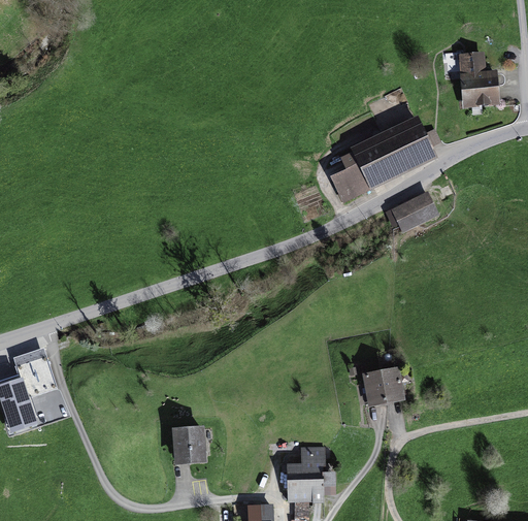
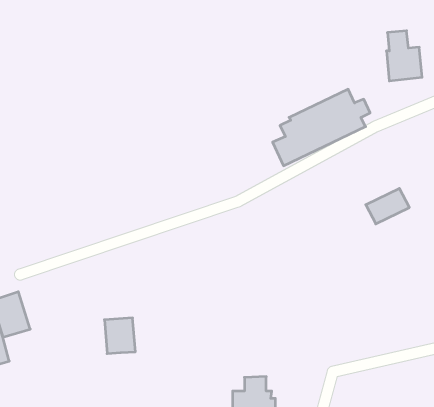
building: [390,192,439,232] -> [366,188,409,224]
building: [362,368,404,405] -> none
building: [170,421,205,461] -> [104,318,135,354]

